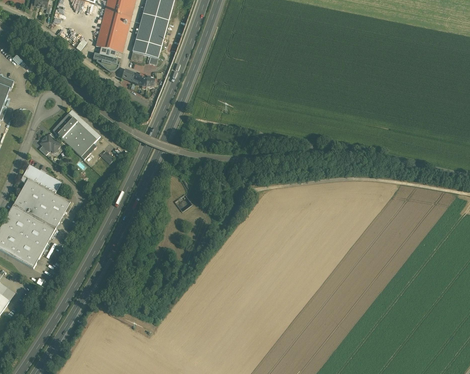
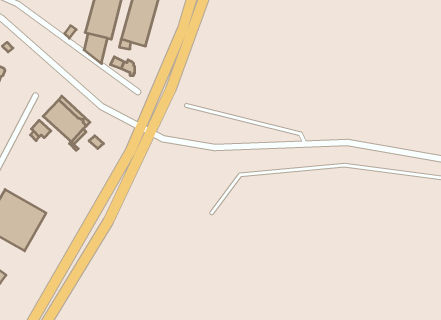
building: [13,164,70,229] -> none

